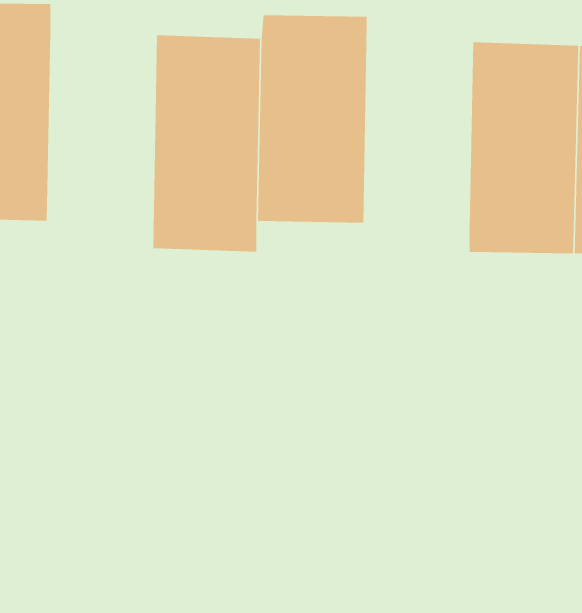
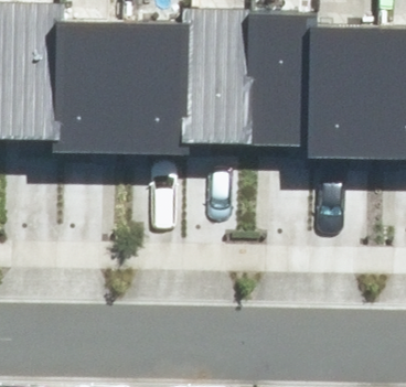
building: none -> [250,17,318,140]
building: none -> [56,22,124,153]

